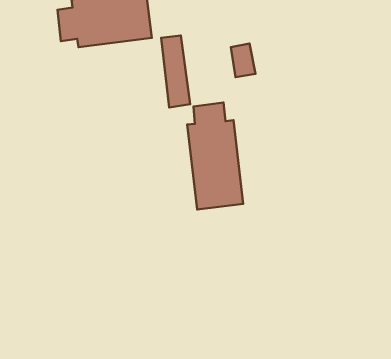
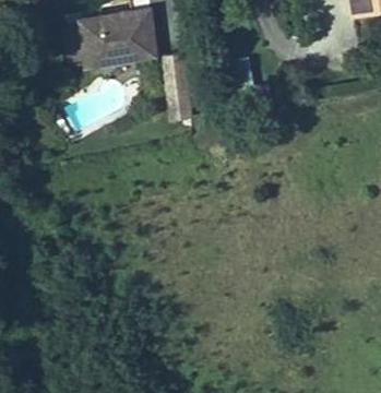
building: [187,102,243,210] -> none

